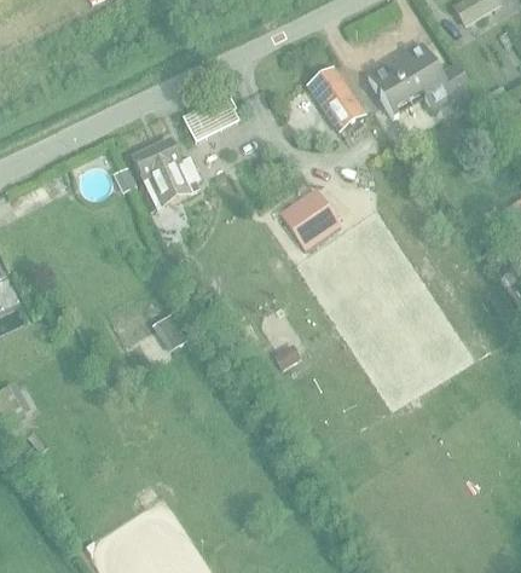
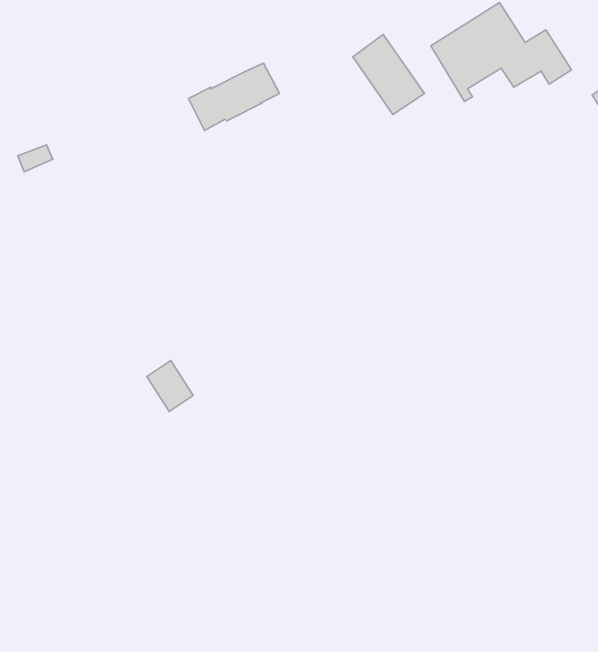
building: [133,138,199,207] -> none
building: [280,187,341,248] -> none

